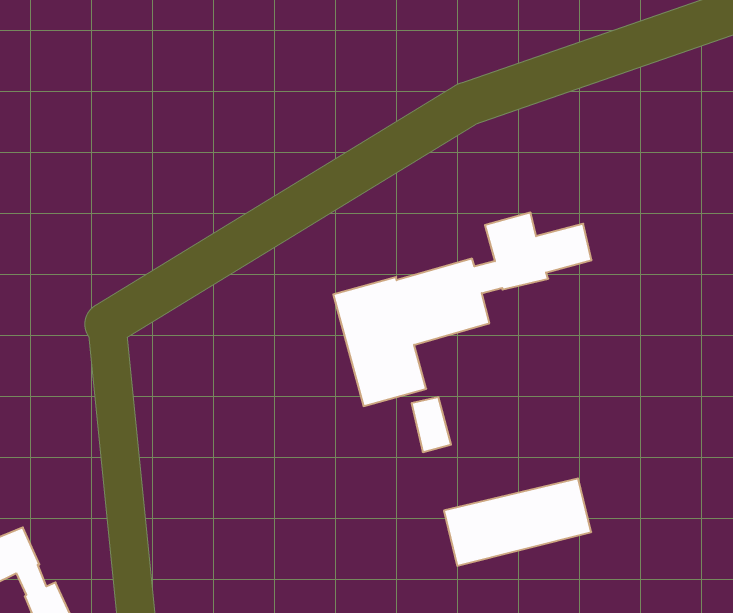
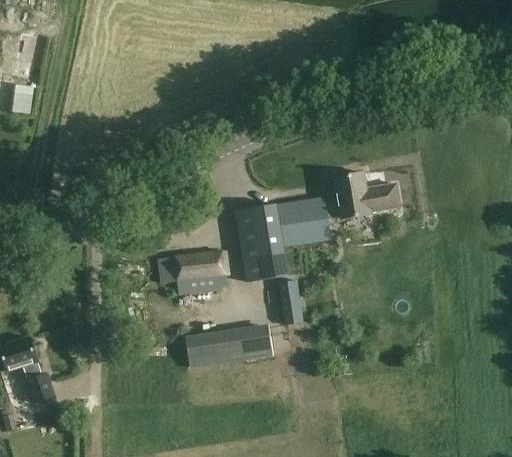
building: none -> [158,249,227,293]
building: [444,478,591,566] -> [185,326,275,373]

